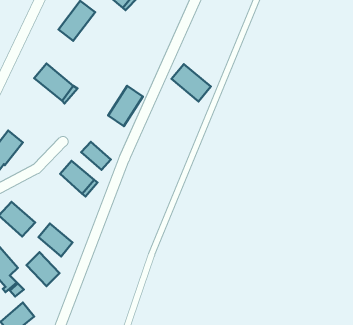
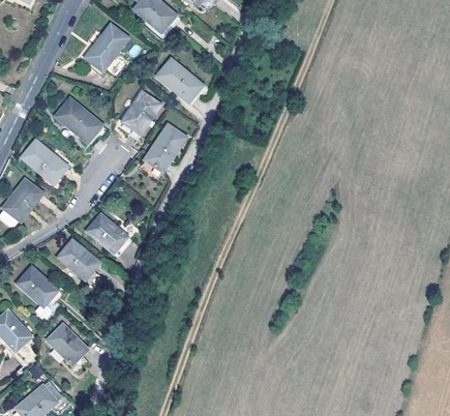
building: none -> [122,91,159,133]
building: [172,64,211,101] -> [156,59,203,103]
building: none -> [22,140,67,182]
building: [81,142,111,170] -> none
building: [39,223,72,256] -> [57,238,97,277]

